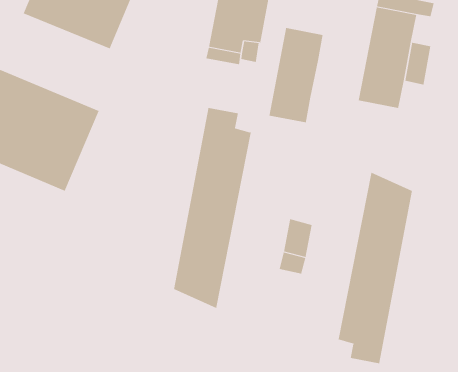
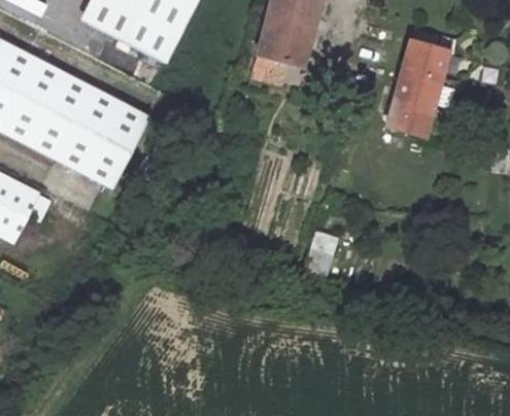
building: [269,27,323,123] -> none
building: [173,107,251,309] -> none
building: [338,172,413,364] -> none

